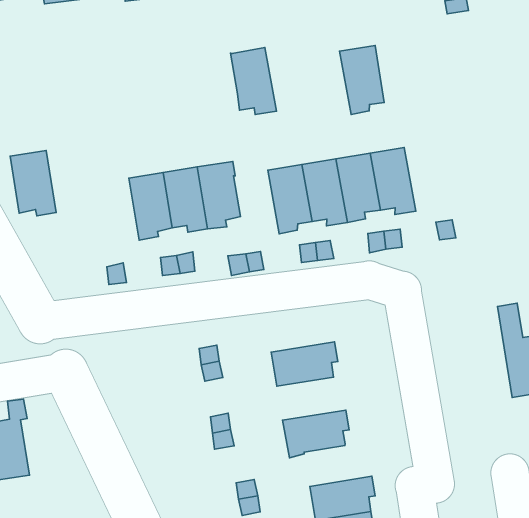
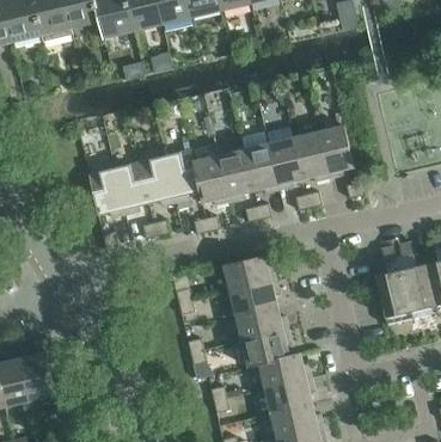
building: [340,46,384,115] -> [317,125,353,178]
building: [231,48,276,114] -> [191,155,228,205]
building: [10,151,56,216] -> [87,168,124,217]
building: none -> [374,245,410,318]
building: none -> [222,254,275,290]
building: none -> [234,306,287,340]
building: none -> [258,352,310,388]

